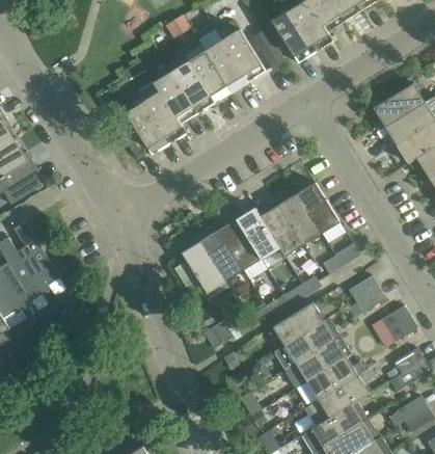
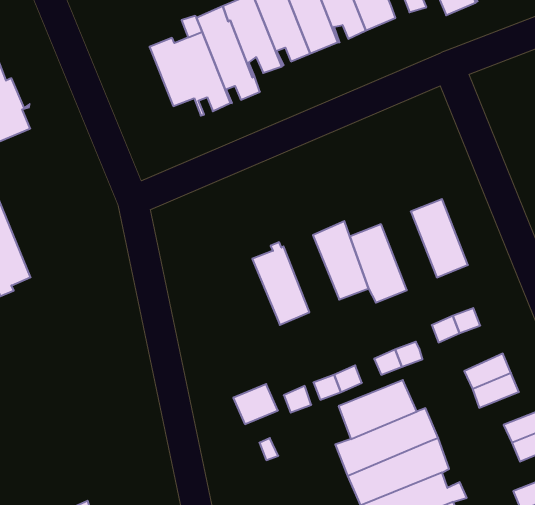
building: [279,193,321,244] -> none
building: [219,216,268,279] -> none
building: [182,239,225,292] -> none

